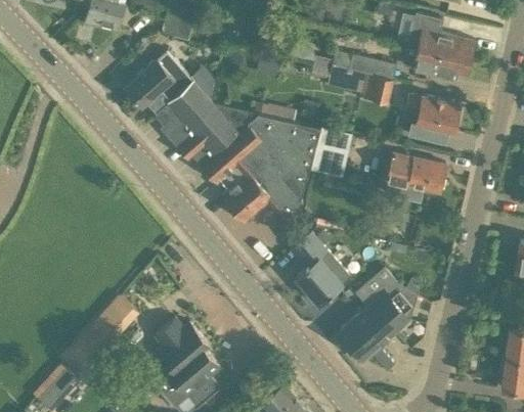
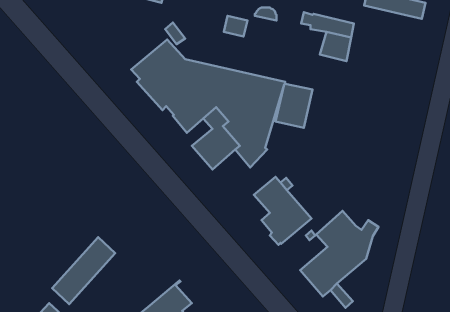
building: [403,44,471,79] -> none
building: [125,50,194,113] -> none
building: [406,95,461,146] -> none
building: [382,152,446,202] -> none
building: [156,318,208,371] -> none

